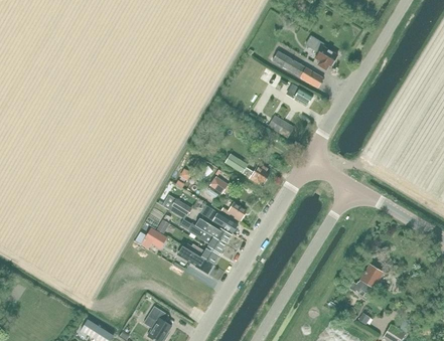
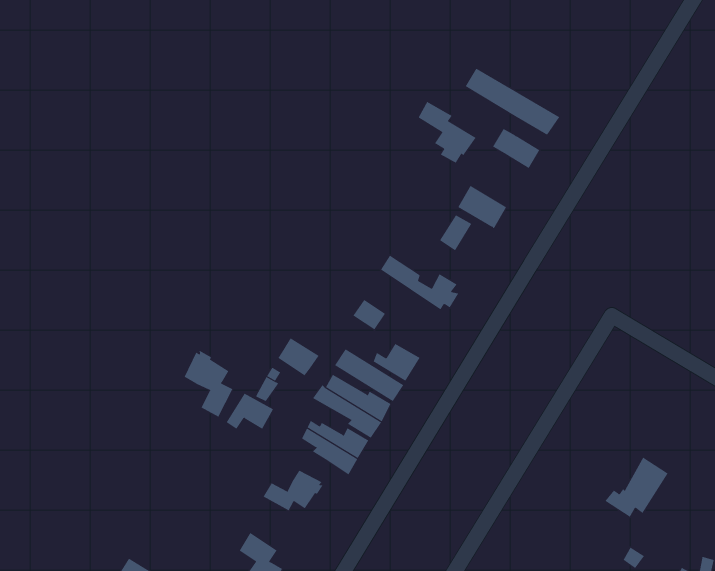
building: [304,35,336,69] -> [418,101,476,164]
building: none -> [184,350,233,418]
building: none -> [263,470,324,511]

